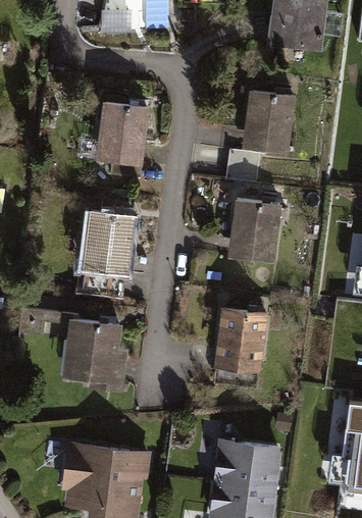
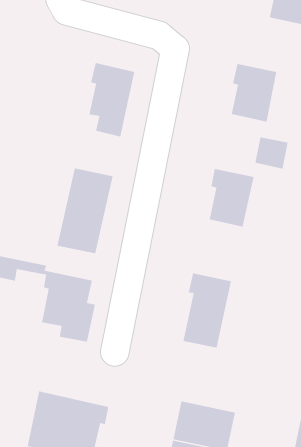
building: [224,151,257,183] -> [255,137,288,170]

